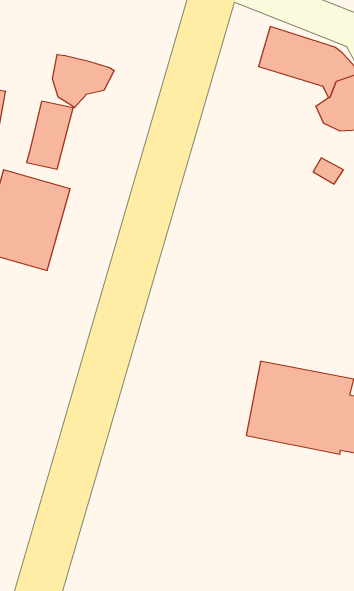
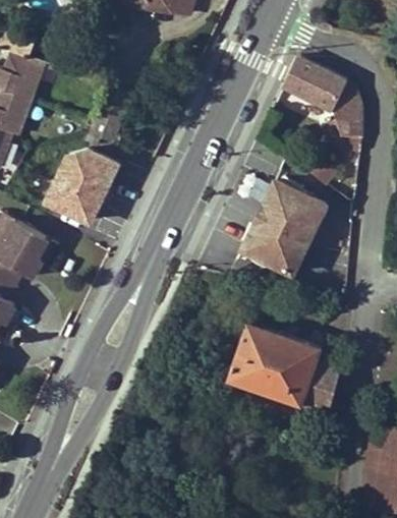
building: [52,54,114,108] -> none
building: none -> [248,188,330,280]

